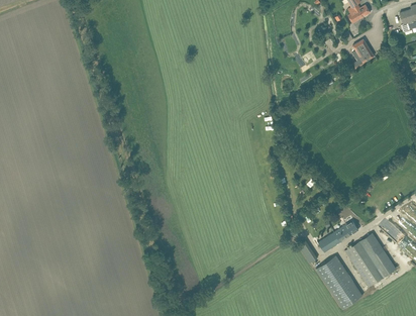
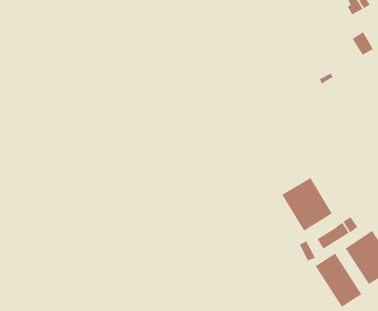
building: none -> [281,177,333,232]

